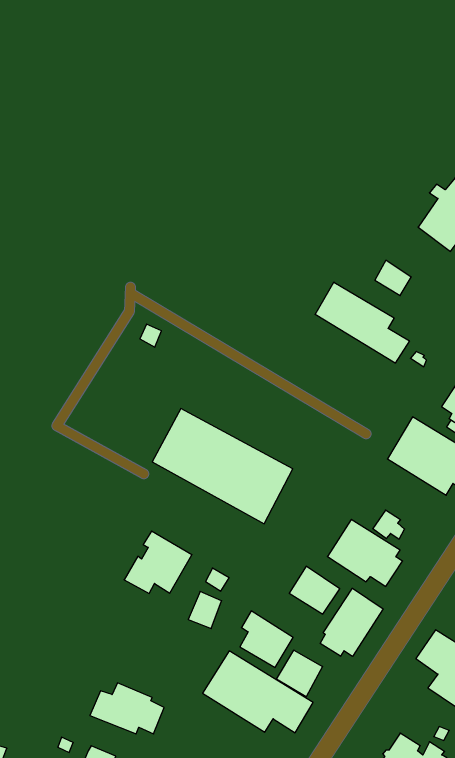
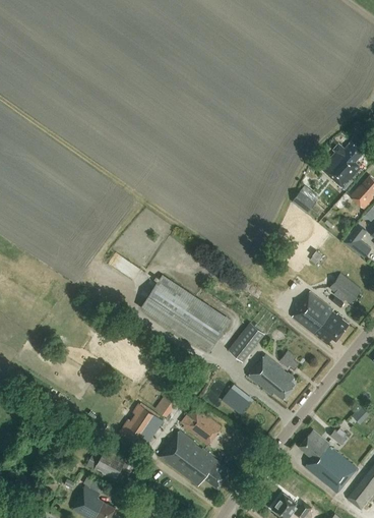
building: [315,282,409,363] -> none
building: none -> [231,325,263,360]
building: [124,531,192,593] -> [119,403,164,444]
building: [320,588,383,656] -> none
building: [277,650,323,697] -> none

